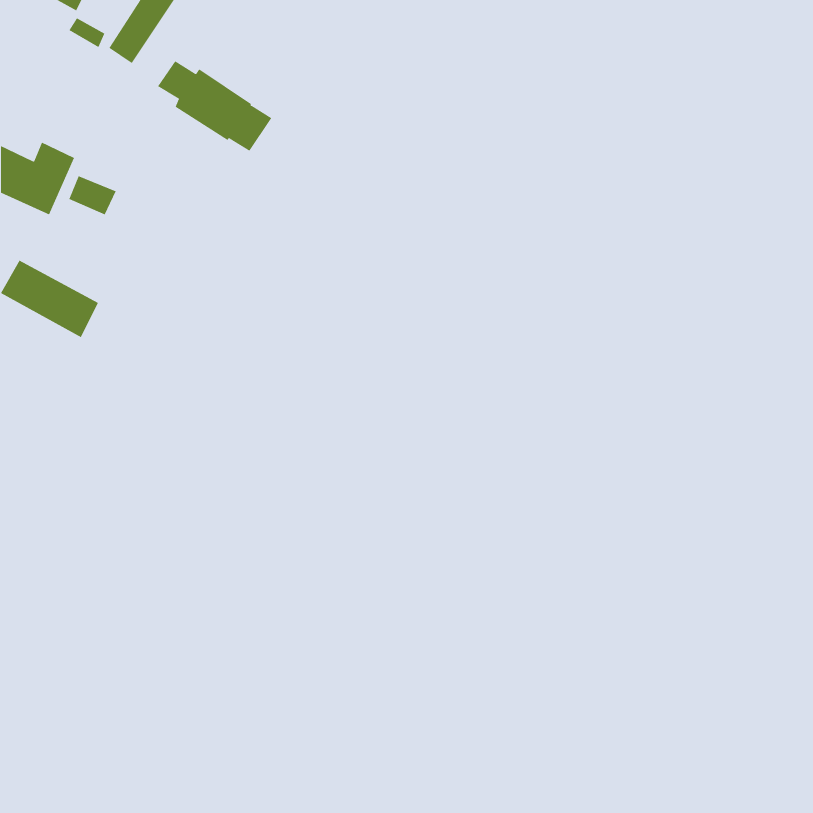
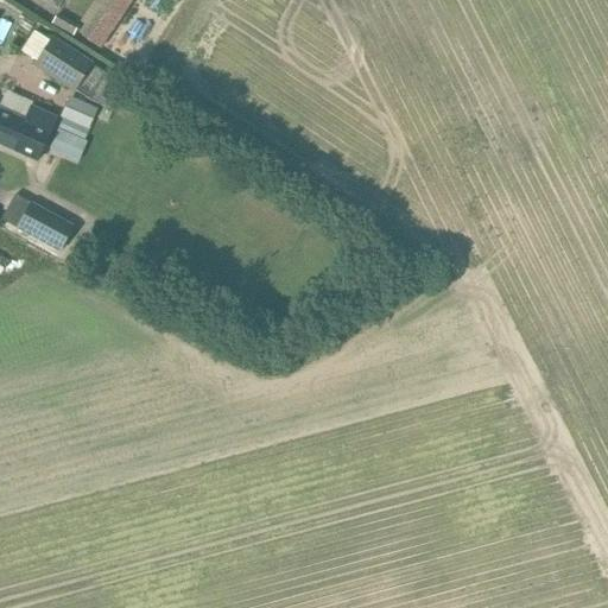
building: [157,61,272,151] -> [23,31,108,99]
building: none -> [61,96,99,139]

